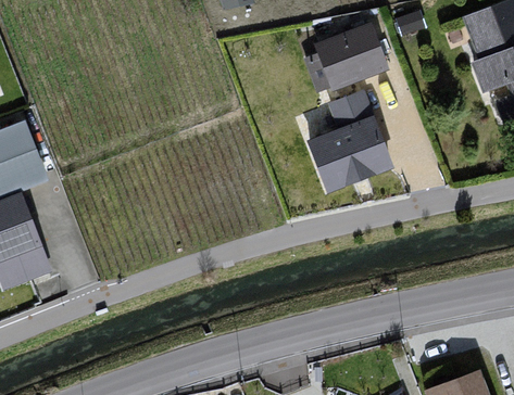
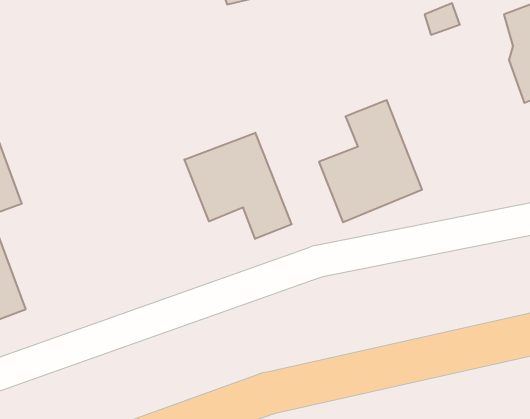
building: [313,25,386,92] -> none
building: none -> [184,133,292,239]

